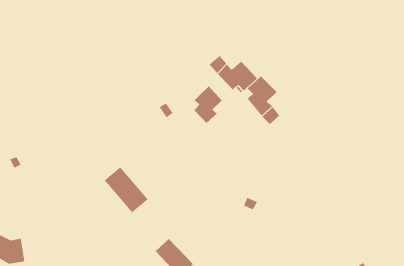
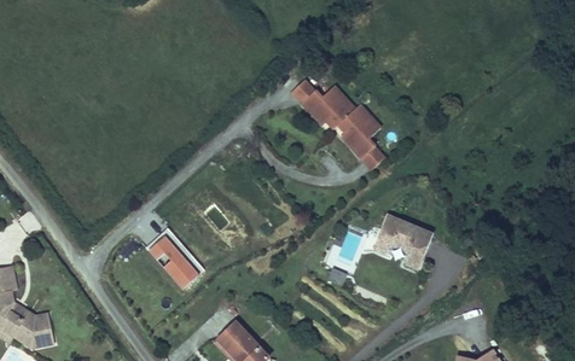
building: [193,86,223,124] -> none
building: none -> [370,220,429,274]

